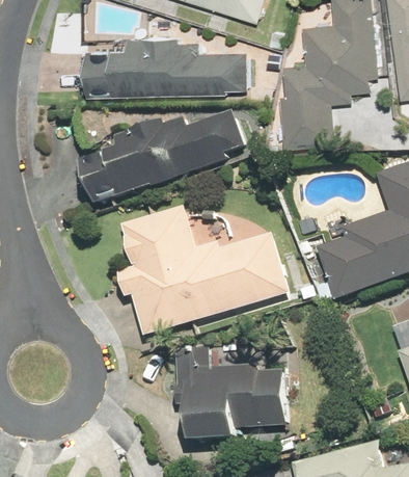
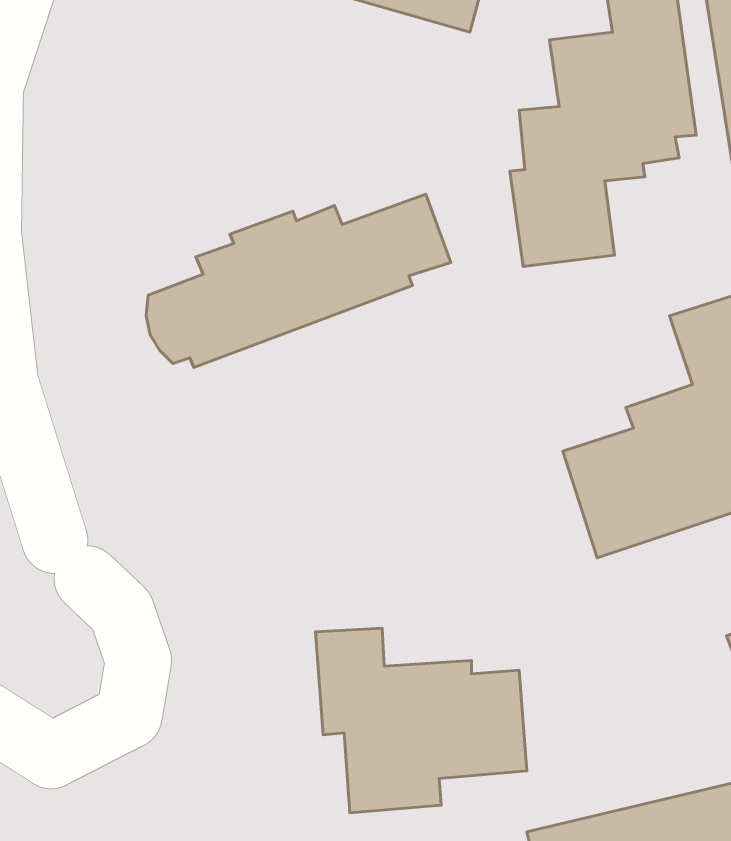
building: [81,35,245,98] -> none
building: [109,205,287,337] -> none

